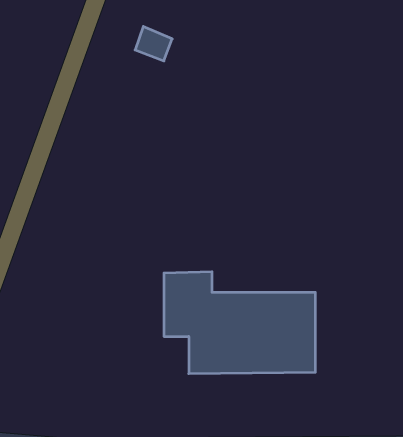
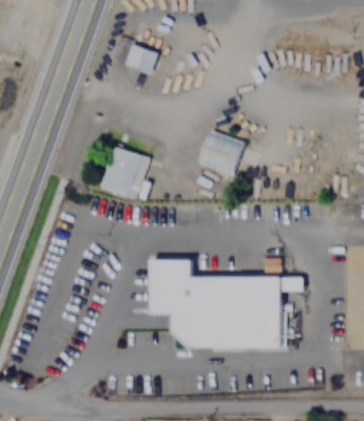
building: none -> [198,128,243,174]
building: none -> [100,145,148,198]

